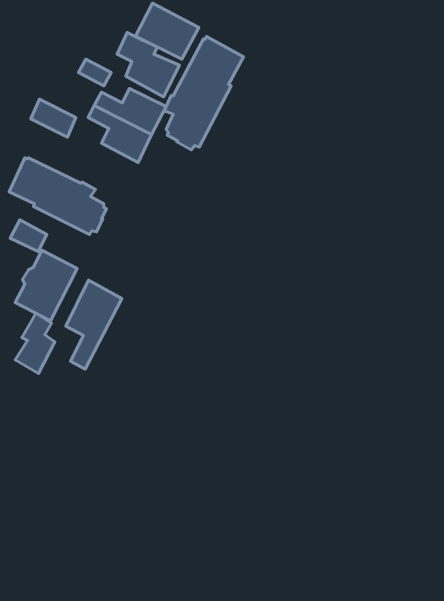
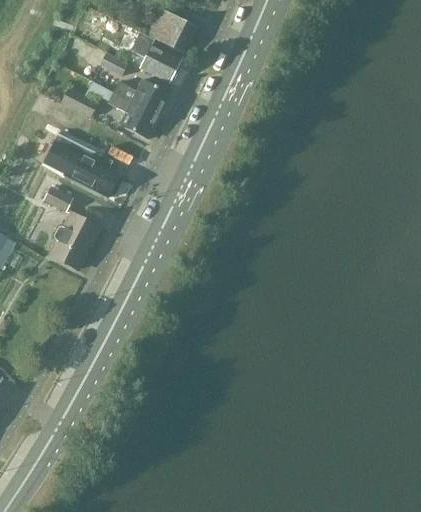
building: [164,37,243,150] -> none
building: [66,280,122,369] -> none
building: [15,313,55,373] -> none

